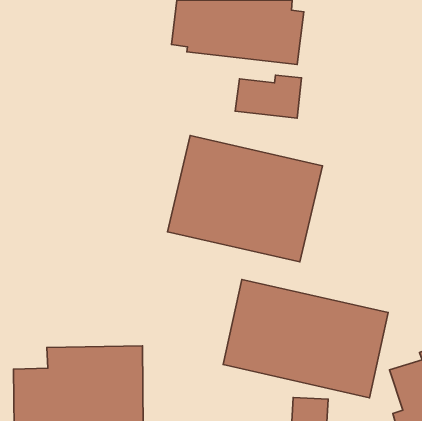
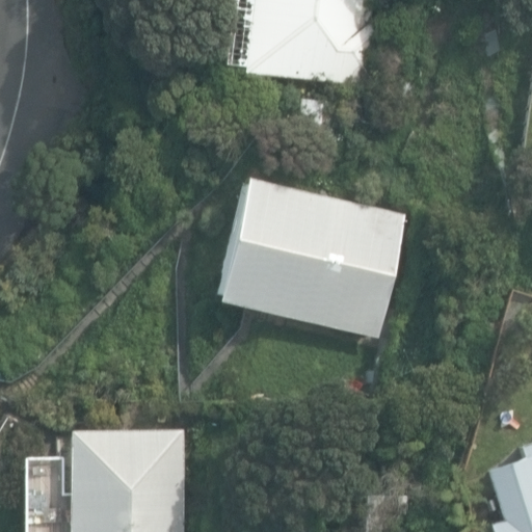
building: [223,279,388,398] -> none

